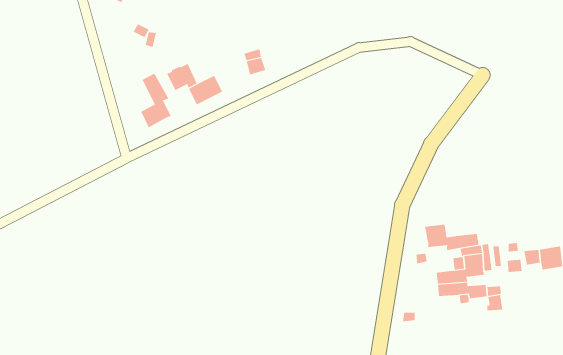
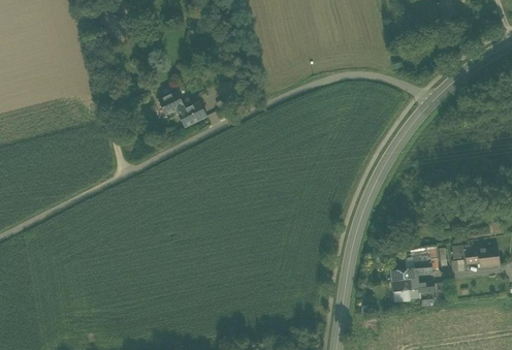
building: [140,73,171,128] -> none
building: [425,224,479,251] -> none

